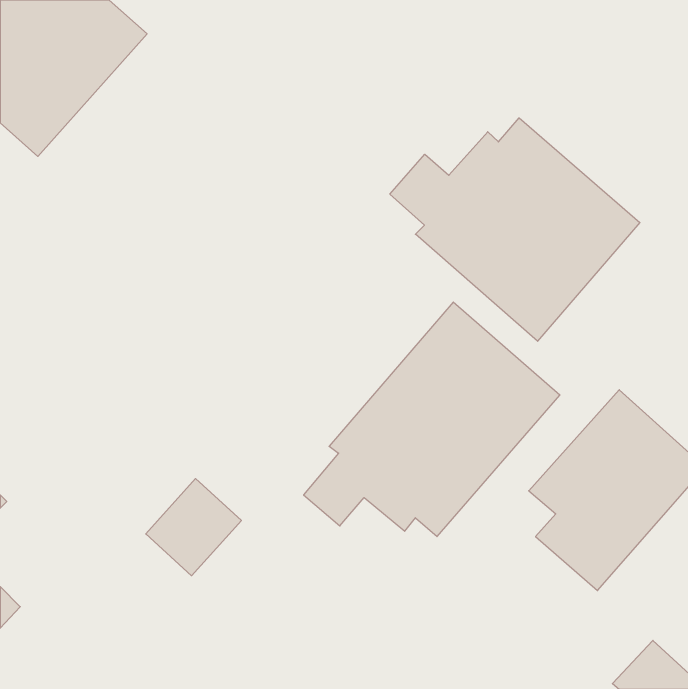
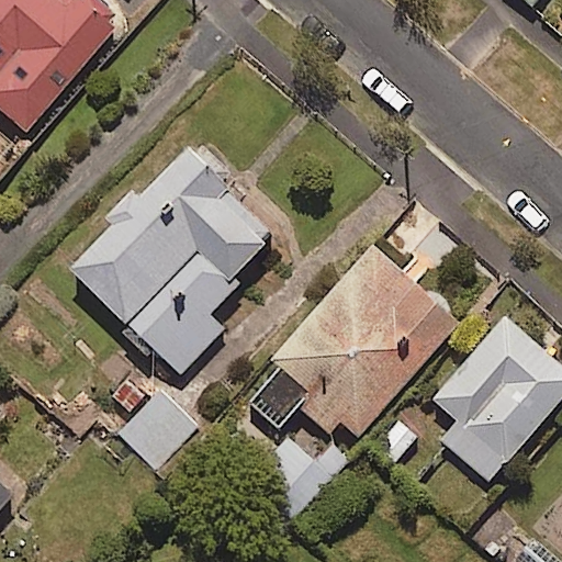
building: [390,118,640,341] -> none
building: none -> [68,139,270,375]

